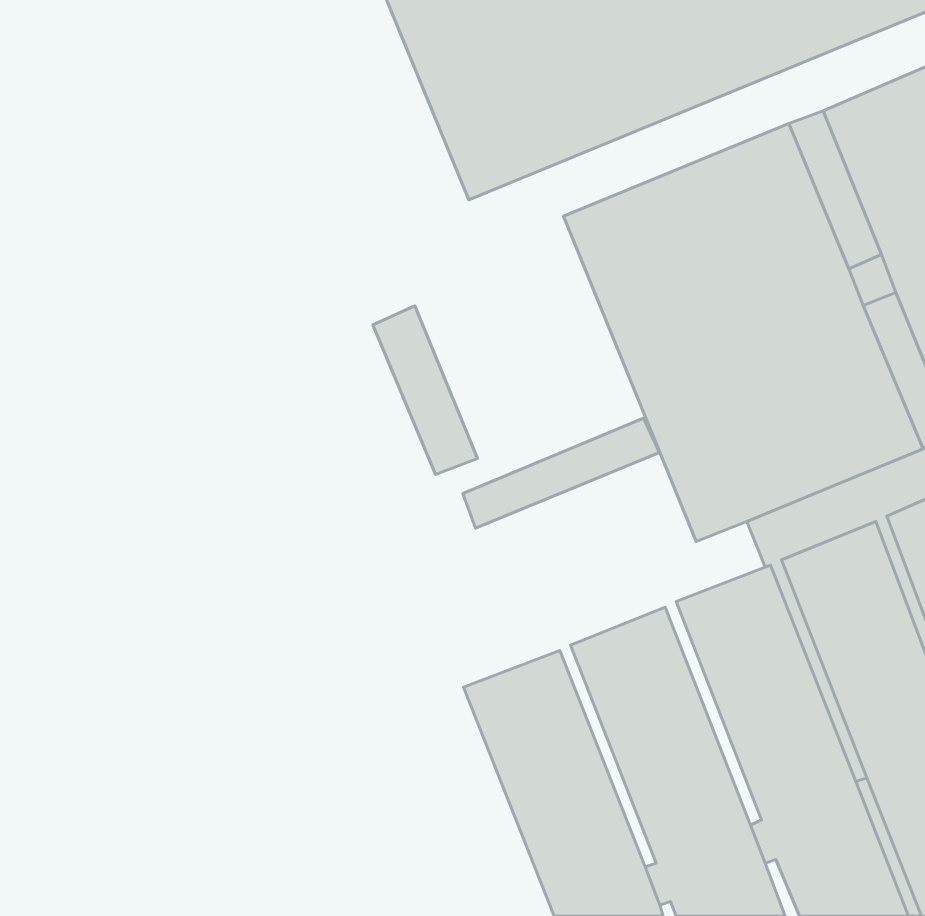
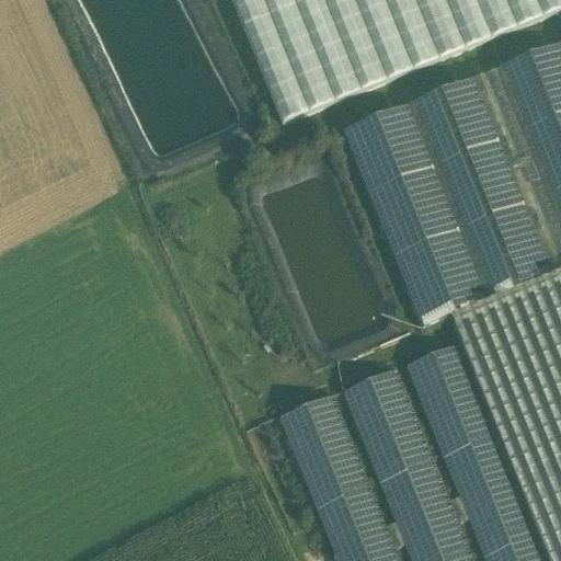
building: [373,306,478,475] -> none
building: [463,418,660,528] -> none

